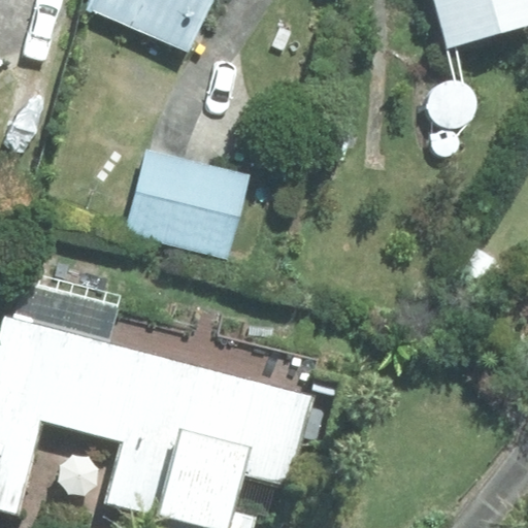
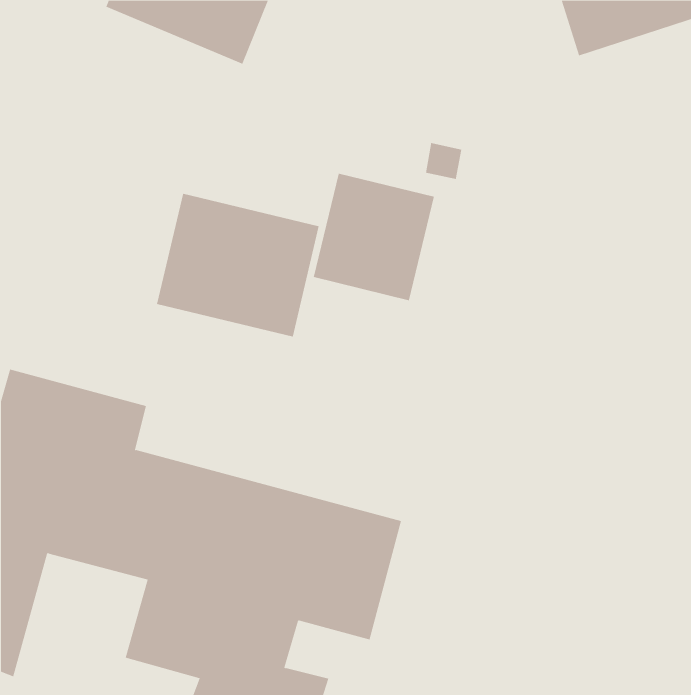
building: none -> [313,173,434,301]

